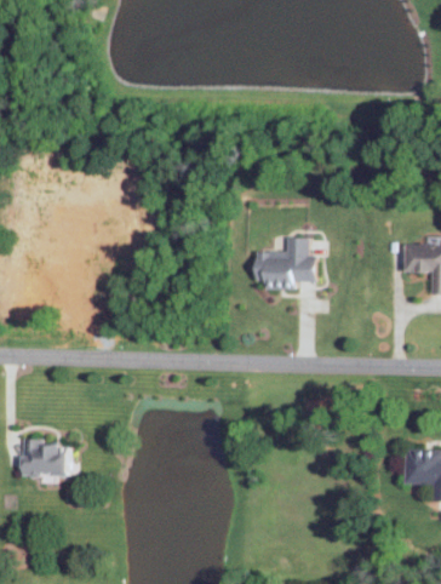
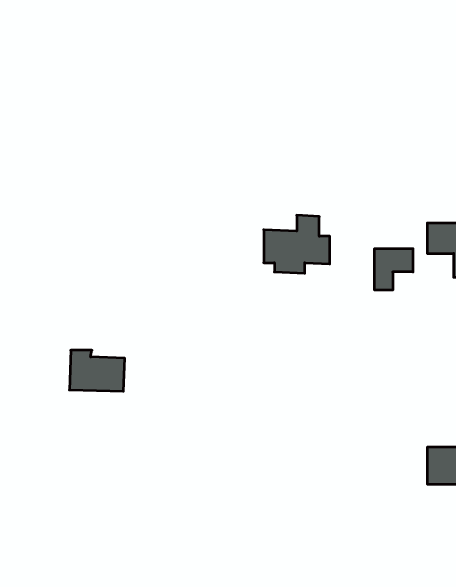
building: none -> [375,249,413,290]
building: [21,439,71,476] -> [69,350,125,391]

